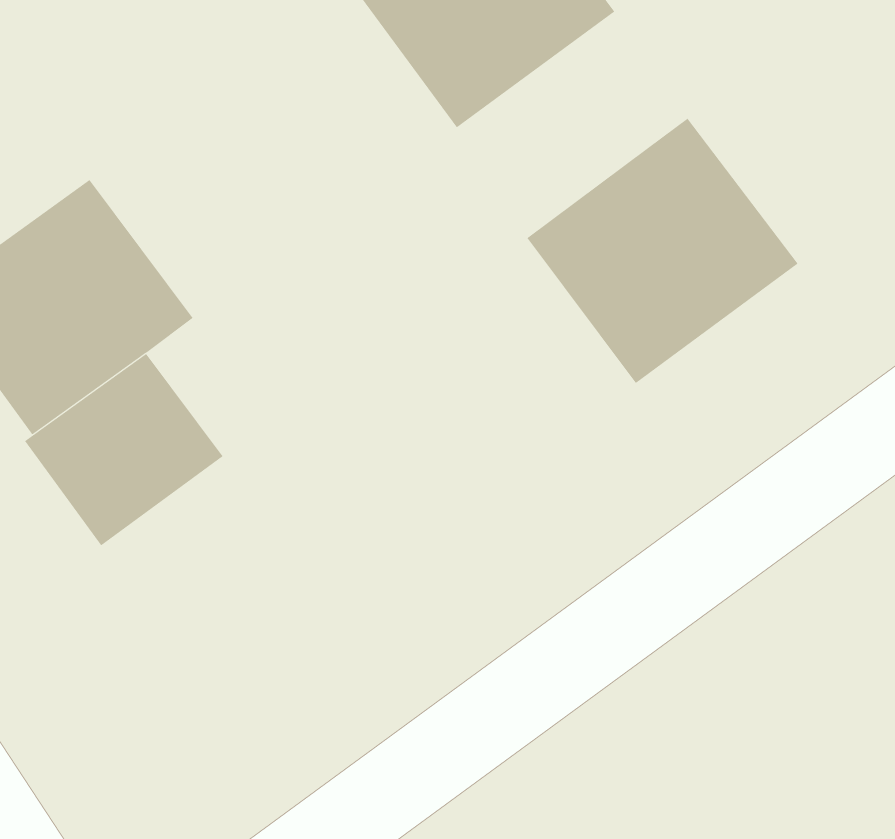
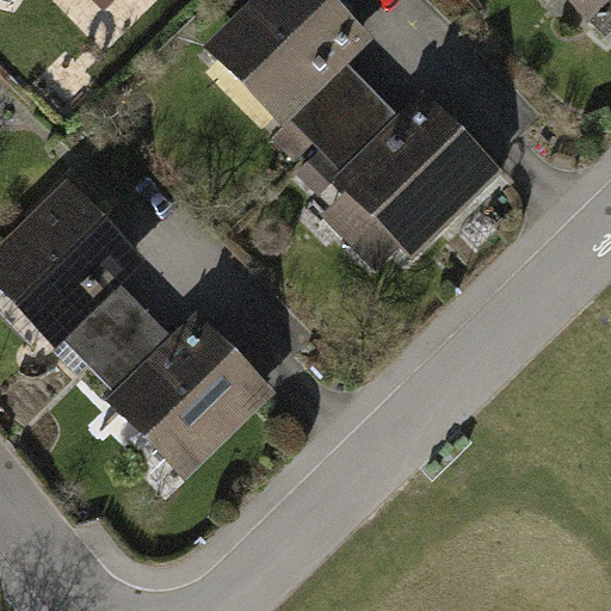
building: none -> [278,61,400,181]
building: none -> [110,314,272,477]

